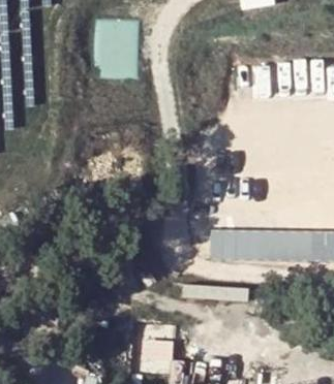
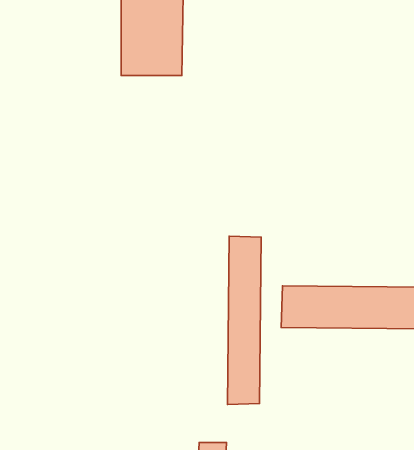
building: none -> [227,236,261,405]

